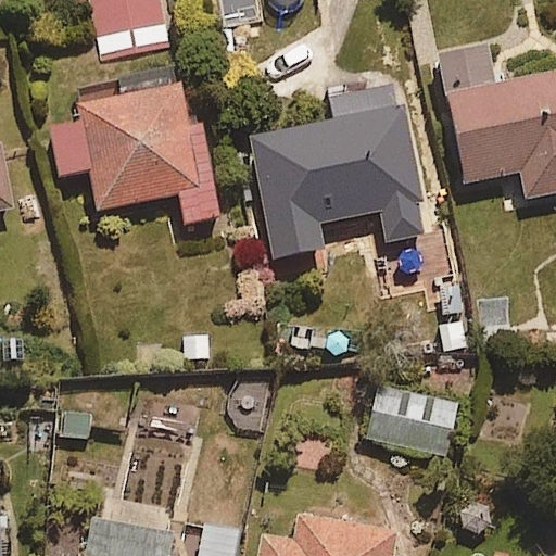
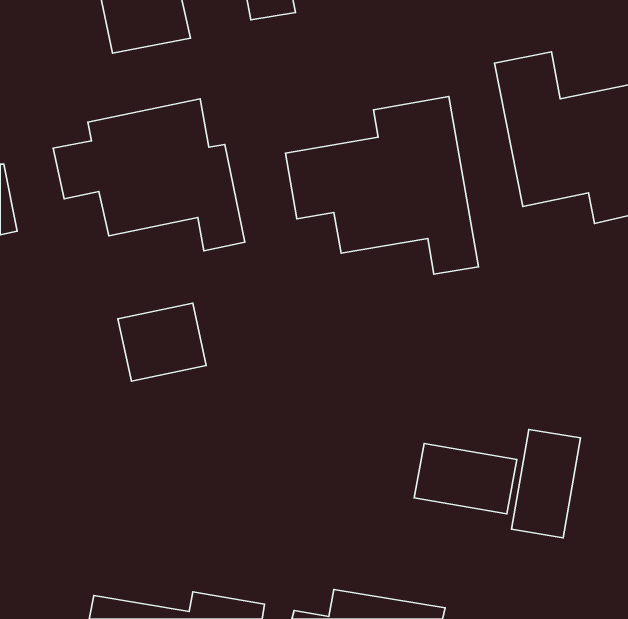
building: none -> [118,303,206,381]
building: none -> [512,430,581,538]

